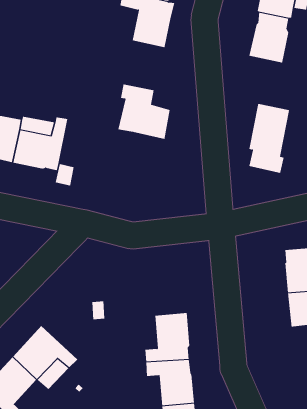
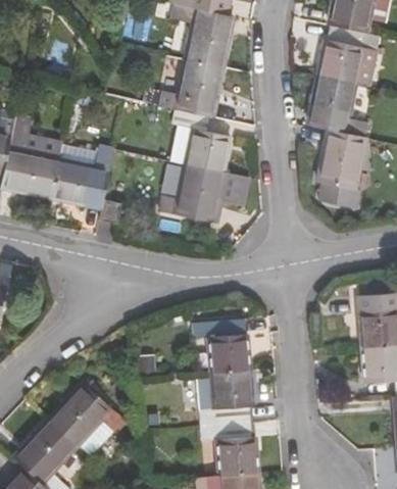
building: none -> [162,58,224,114]
building: none -> [311,76,367,137]
building: none -> [160,162,249,222]
building: none -> [193,319,249,371]

